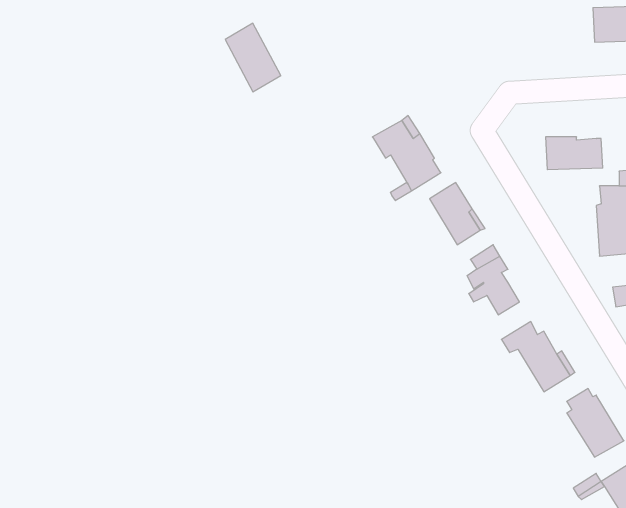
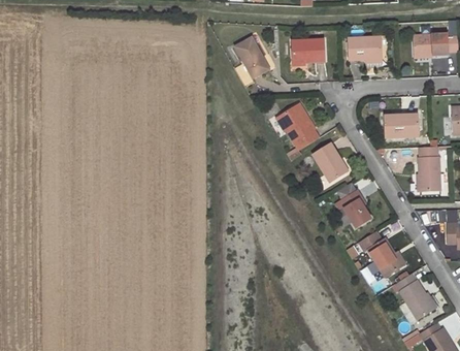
building: none -> [348,34,382,66]
building: none -> [290,37,321,61]
building: [225,23,281,92] -> [234,37,269,81]

